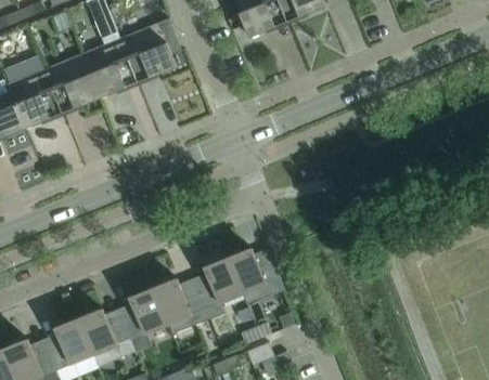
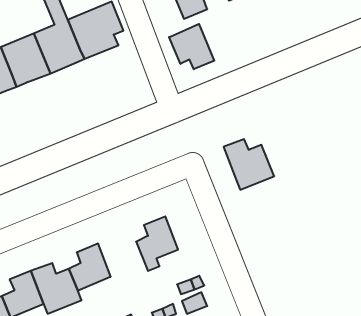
building: none -> [169,24,214,69]
building: [228,248,284,304] -> [224,139,274,190]
building: [153,278,208,333] -> none

